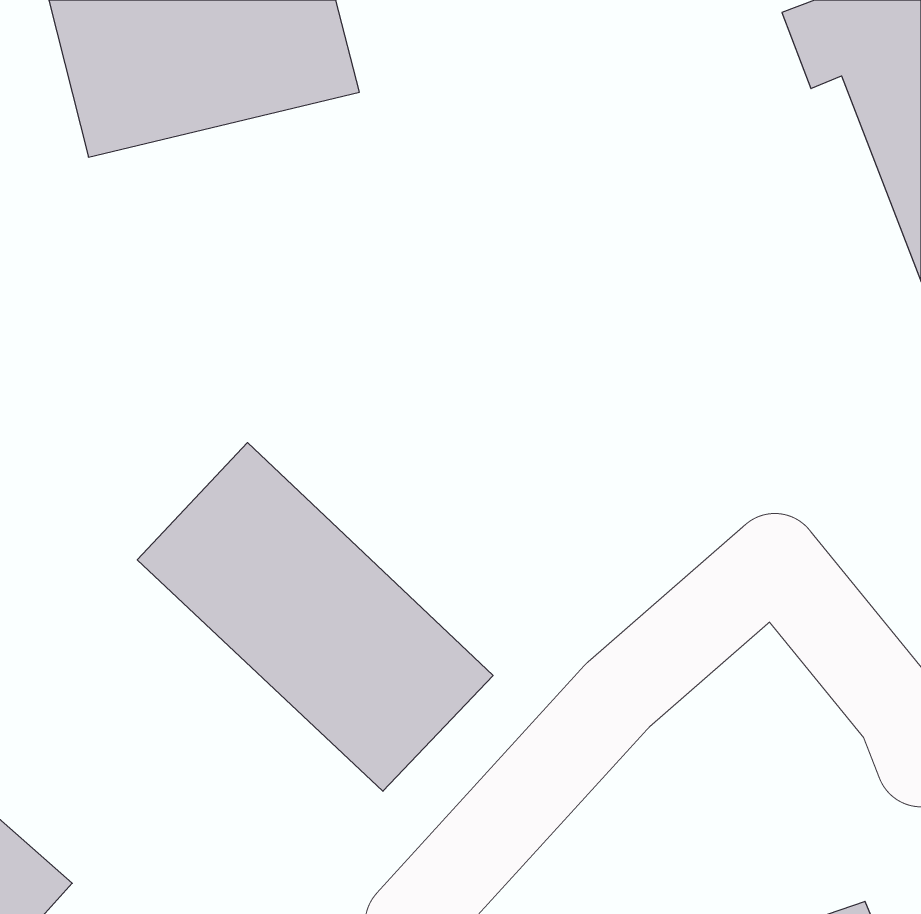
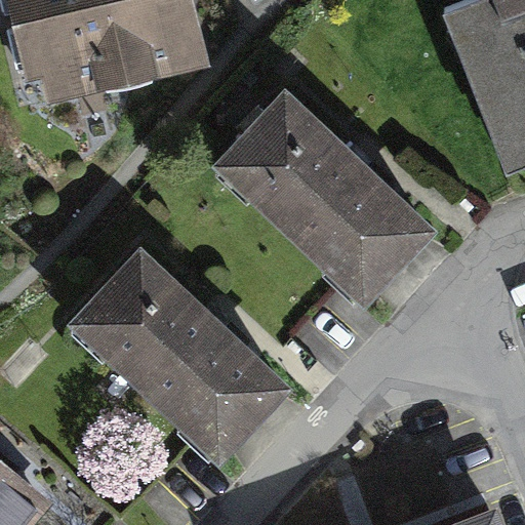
building: none -> [221,98,426,297]

